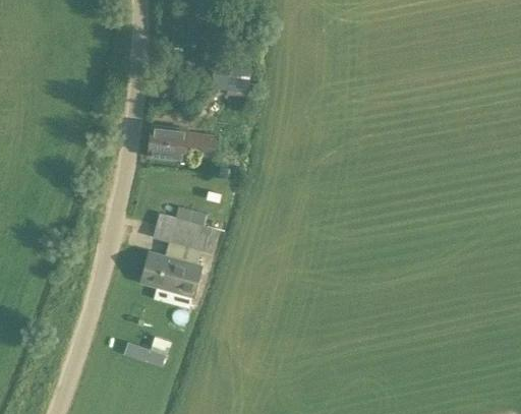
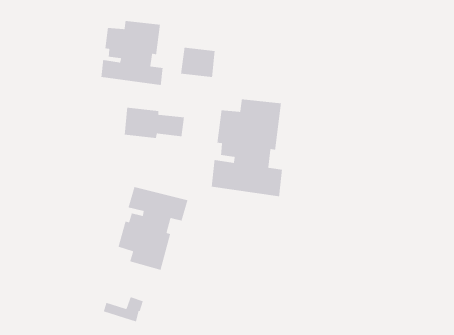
building: none -> [100,20,163,86]
building: none -> [211,98,283,197]

